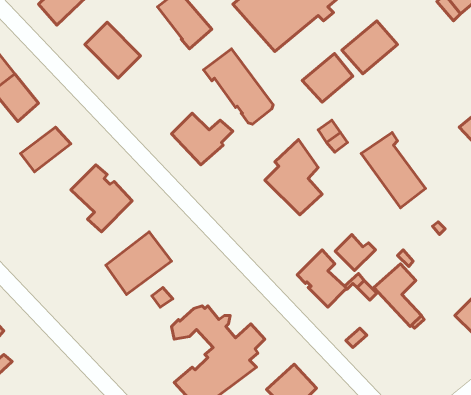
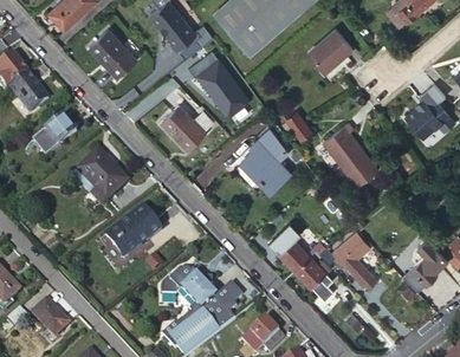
building: [302,53,353,102] -> none
building: [335,234,376,271] -> [293,254,328,285]
building: none -> [31,298,70,337]

